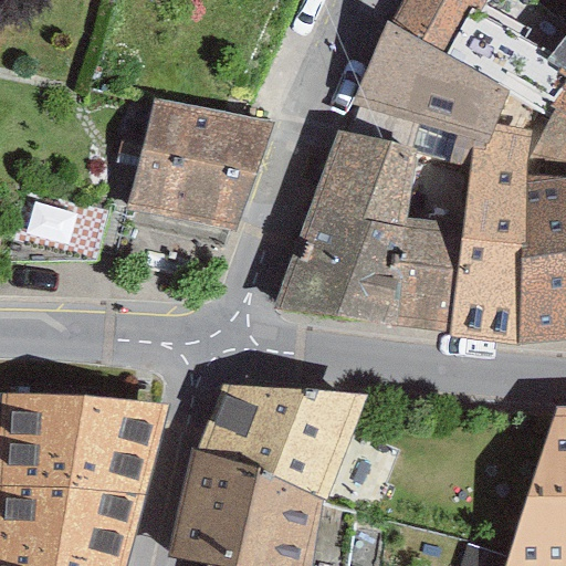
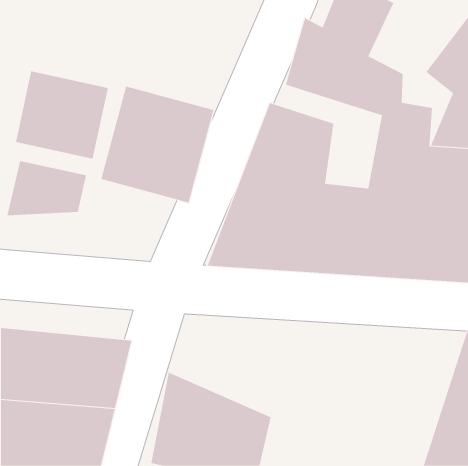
building: none -> [15,71,108,159]
building: [206,381,370,500] -> none

